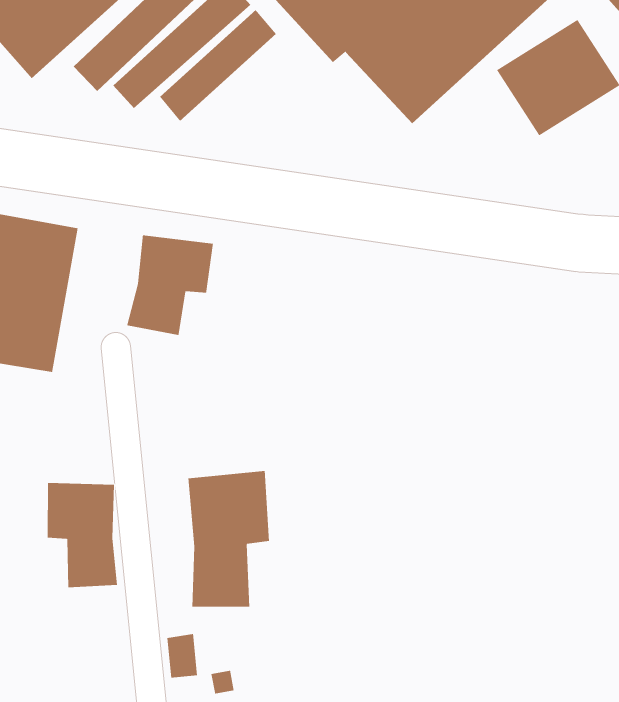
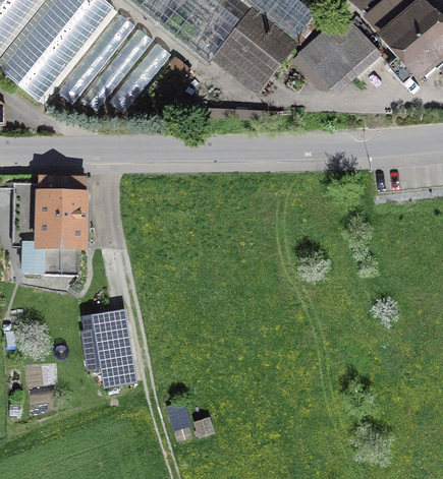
building: [126,234,213,336] -> none
building: [188,470,269,608] -> none

